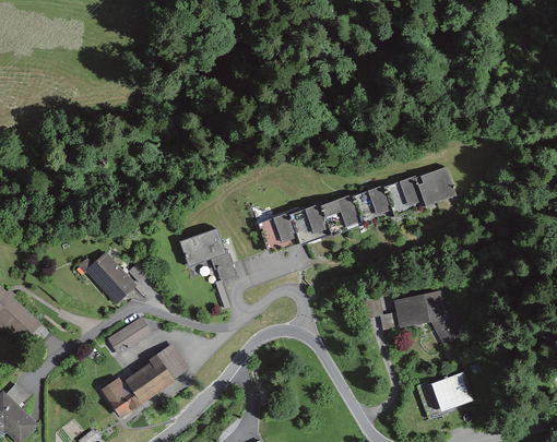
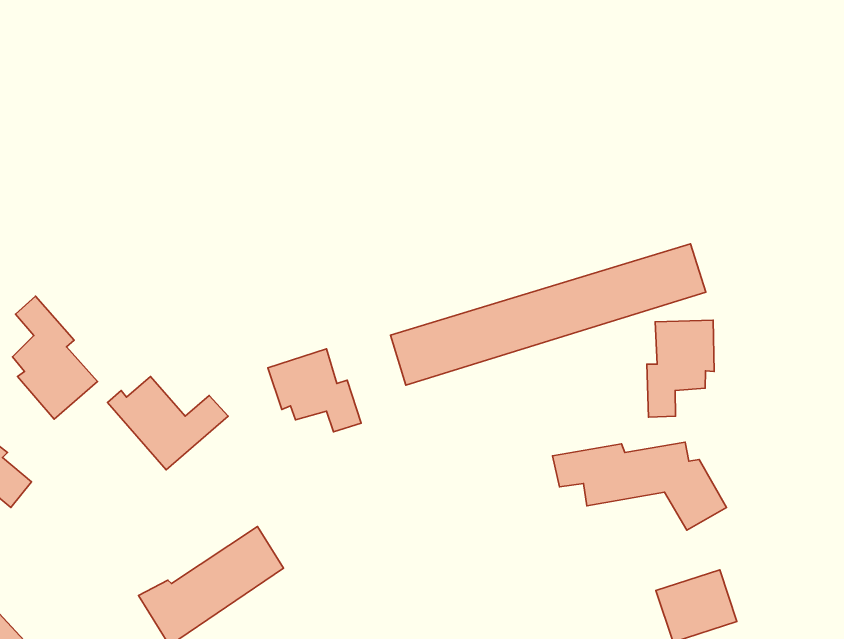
building: none -> [13,296,98,419]
building: none -> [647,320,714,417]
building: [108,315,154,354] -> none

